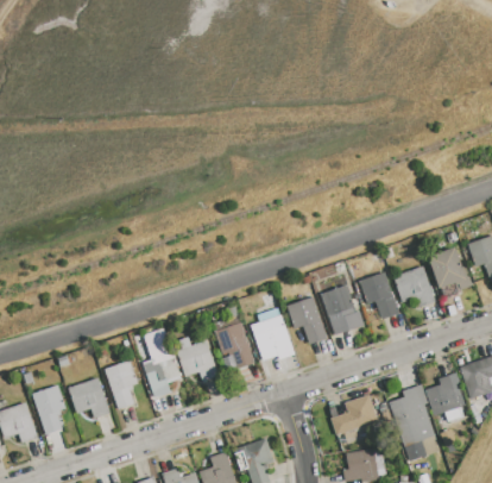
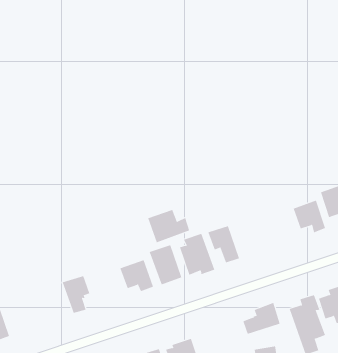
building: [360,272,398,320] -> none
building: none -> [148,209,190,243]
building: [321,286,364,334] -> none
building: [143,341,182,397] -> none
building: [68,377,109,419] -> none
building: [32,384,65,434] -> none

